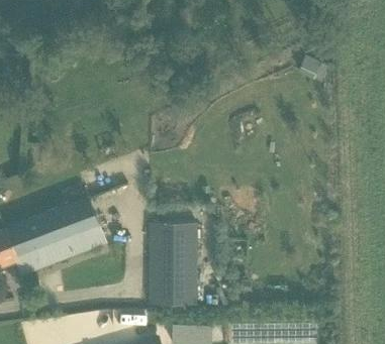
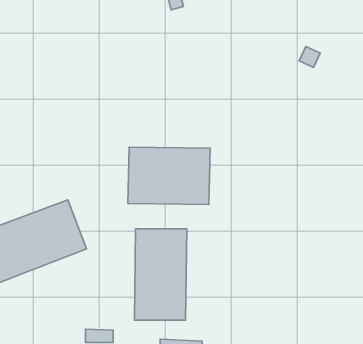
building: none -> [128,147,210,205]

